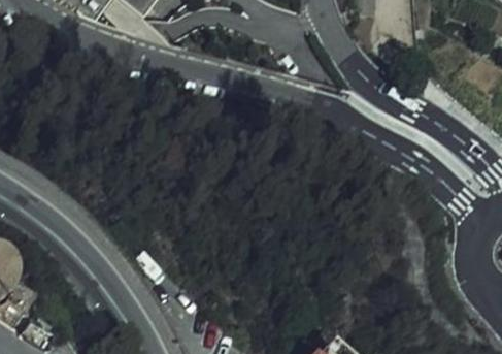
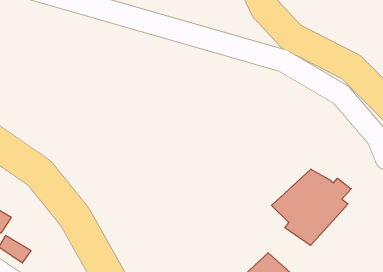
building: none -> [271,169,351,245]

